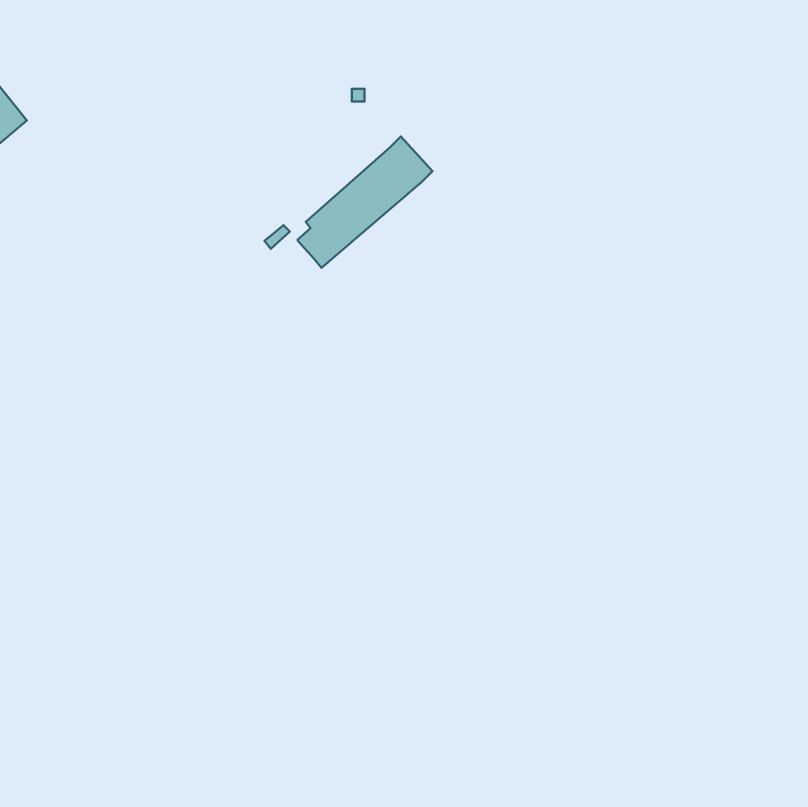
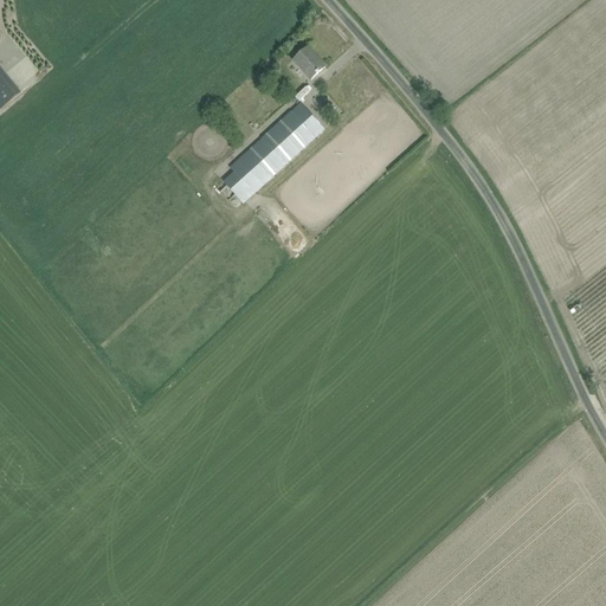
building: none -> [292,46,324,79]

